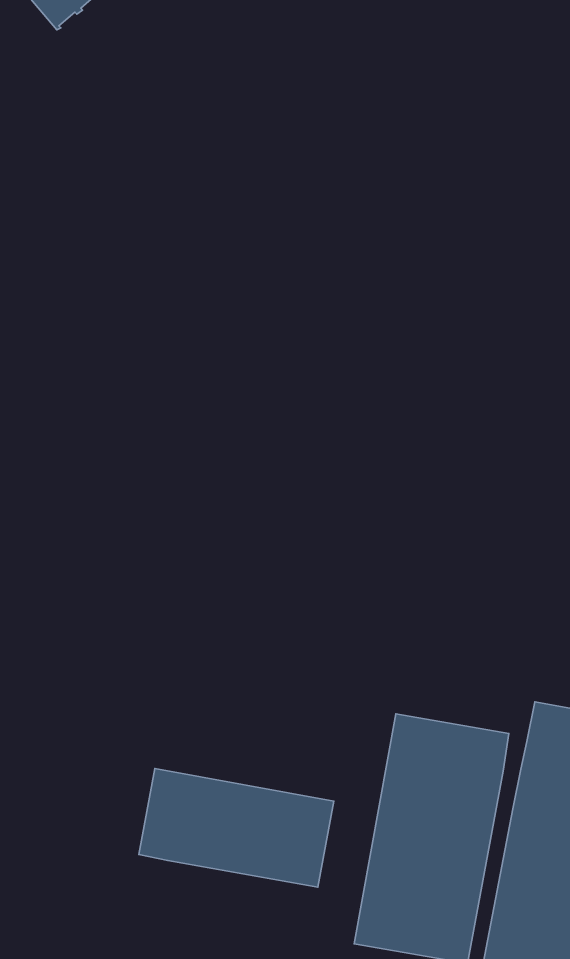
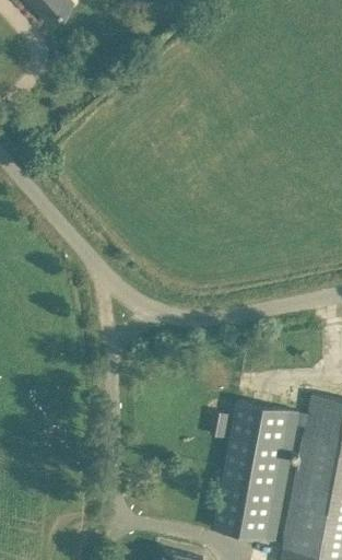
building: [139,769,334,887] -> none

